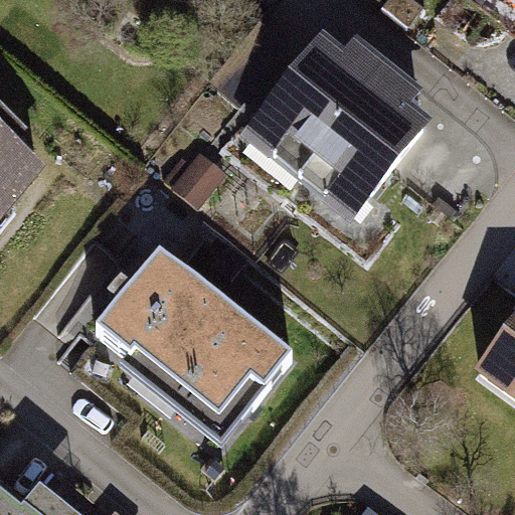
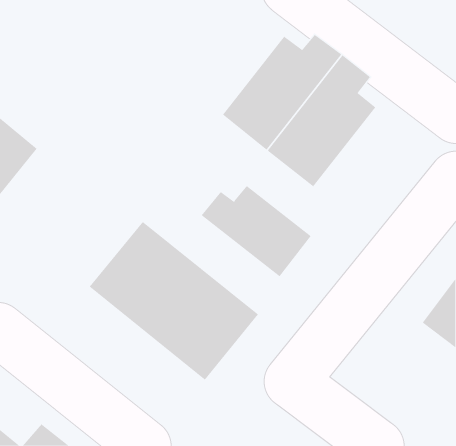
building: none -> [201,185,311,277]

